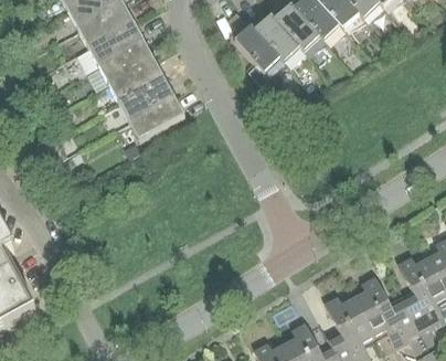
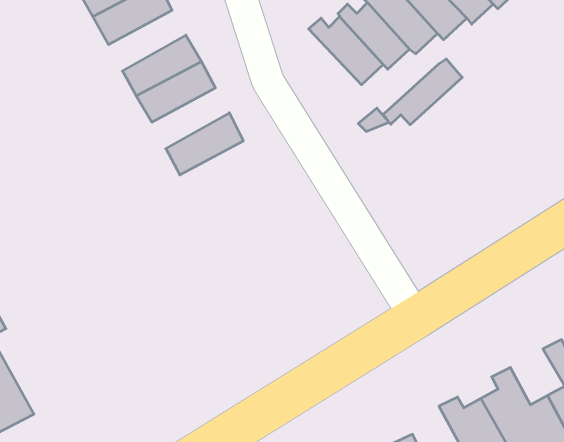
building: [88,22,144,65] -> none
building: none -> [383,59,462,125]
building: [119,77,174,120] -> none

